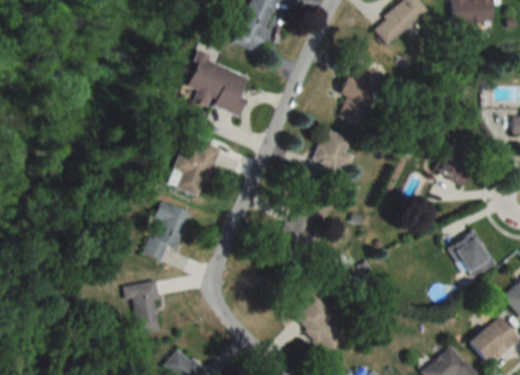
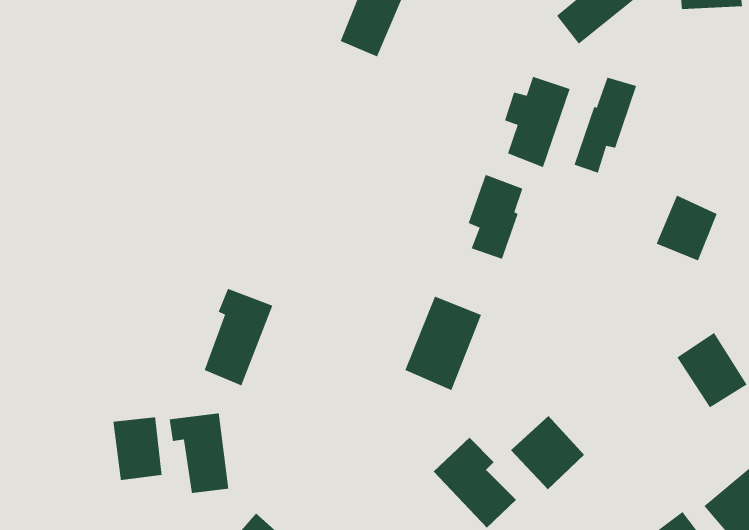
building: [182,54,250,116] -> none
building: none -> [574,77,637,173]
building: [169,138,220,196] -> none
building: none -> [510,415,585,490]
building: none -> [113,417,162,481]

